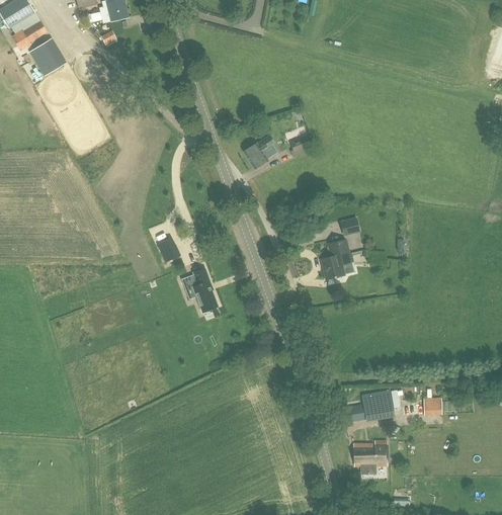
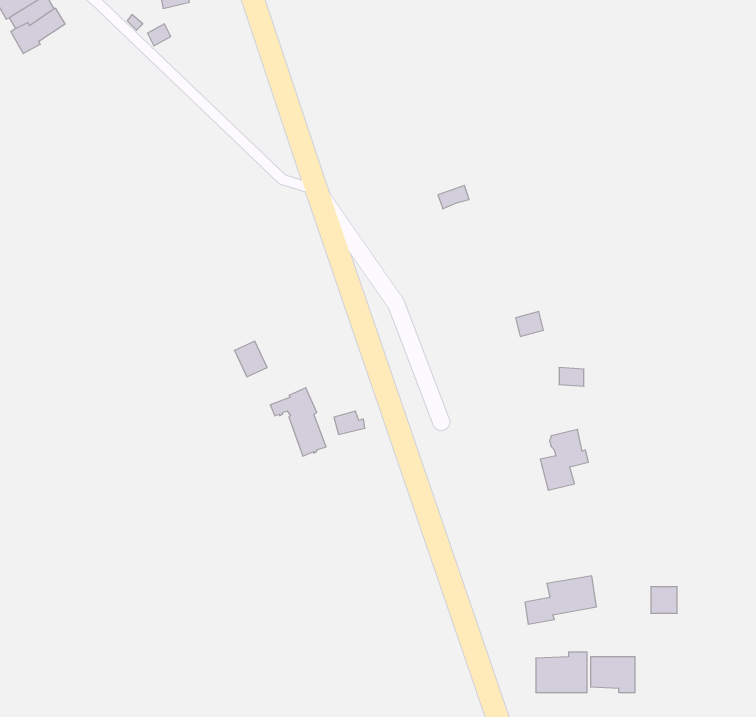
building: [28,40,61,75] -> none
building: [243,137,274,168] -> none
building: [321,239,352,278] -> [540,429,588,490]
building: none -> [591,657,635,693]

